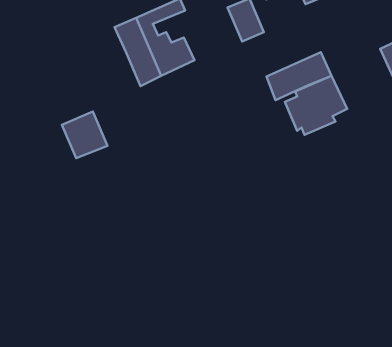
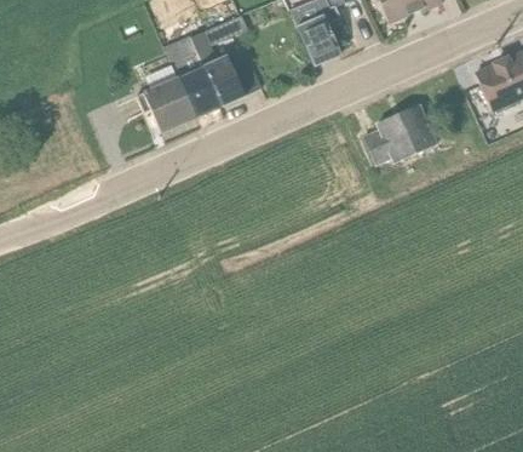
building: [267,52,331,100] -> none
building: [62,111,107,158] -> [143,76,196,131]

